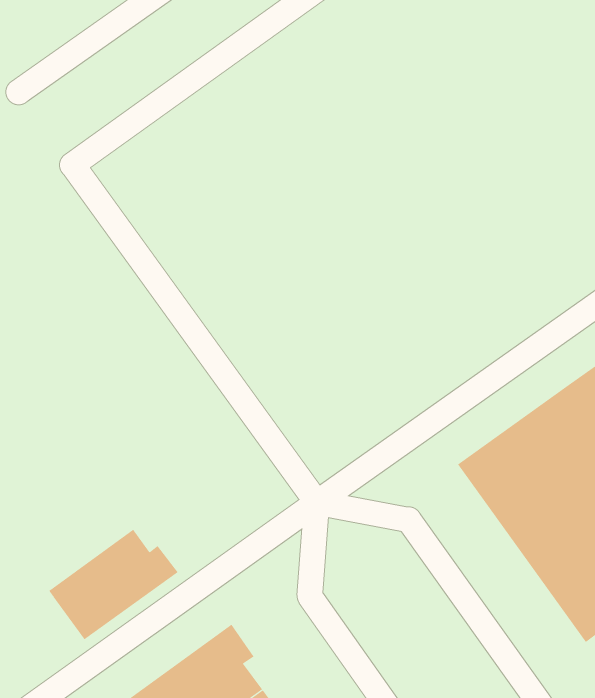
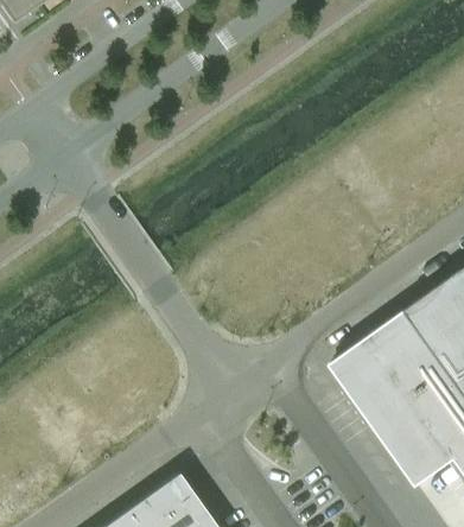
building: [49,529,178,640] -> none

